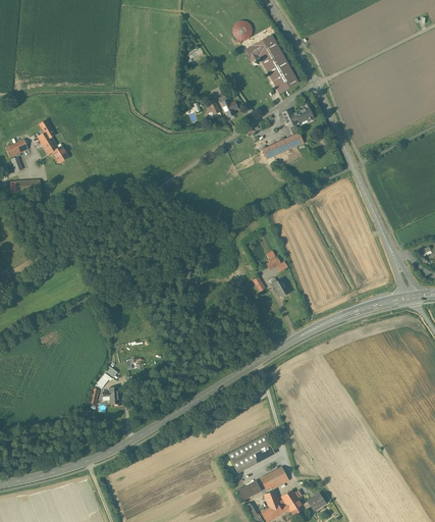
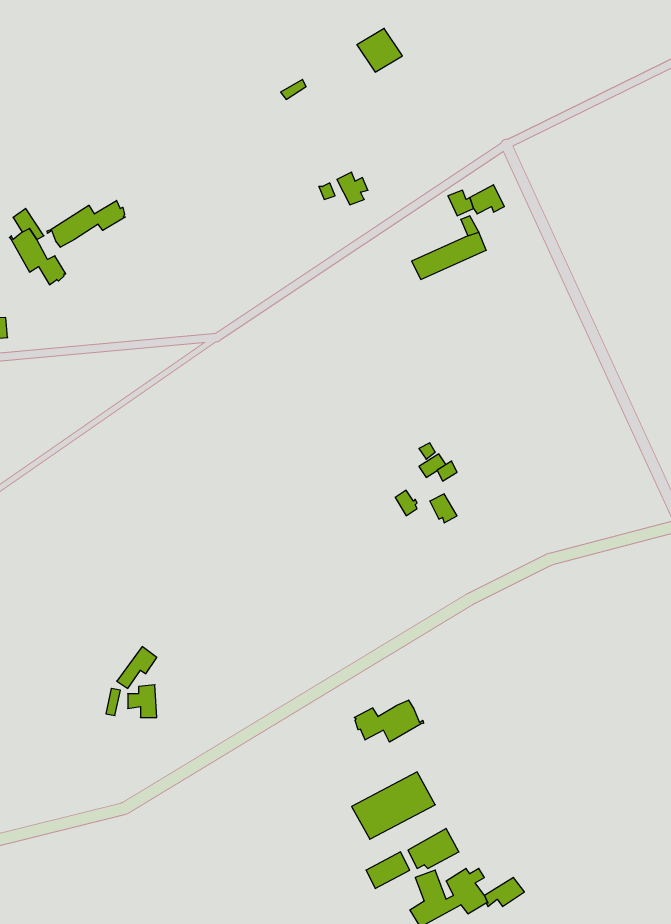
building: [244,36,296,93] -> none
building: none -> [47,200,125,247]
building: none -> [354,700,424,742]

